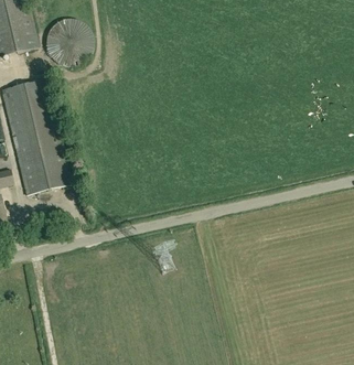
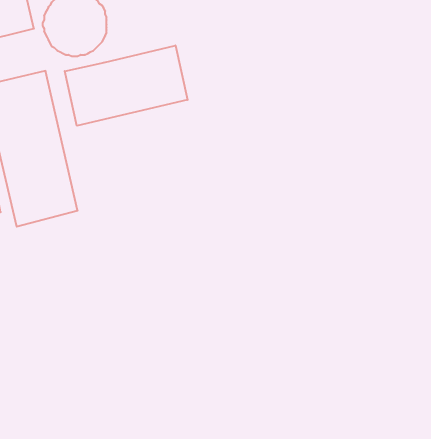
building: none -> [65,45,188,126]

